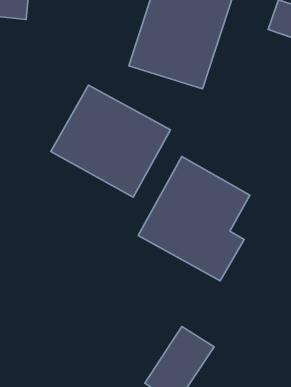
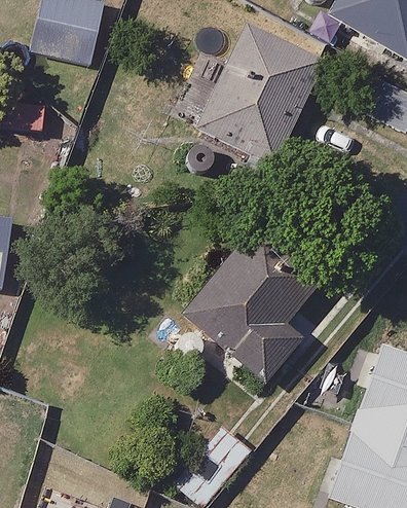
building: [51,85,170,197] -> none

